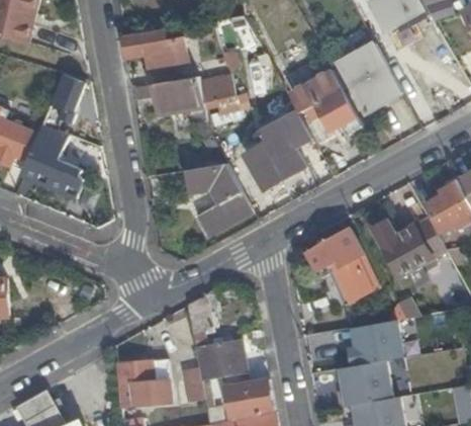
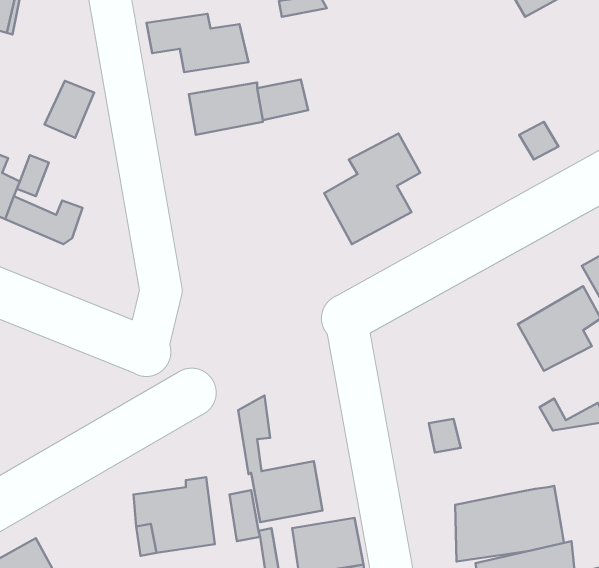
building: [338,42,401,112] -> none
building: [289,71,357,145] -> none
building: [185,163,253,237] -> none
building: [304,231,378,302] -> none
building: [348,320,400,366] -> none

